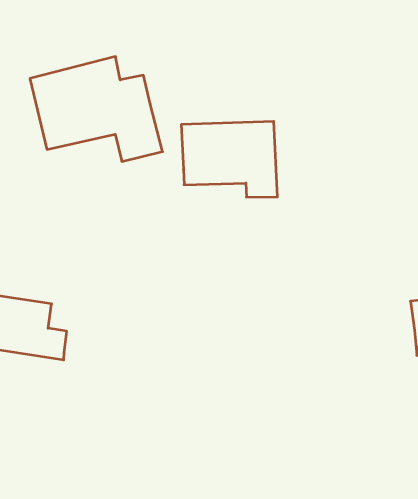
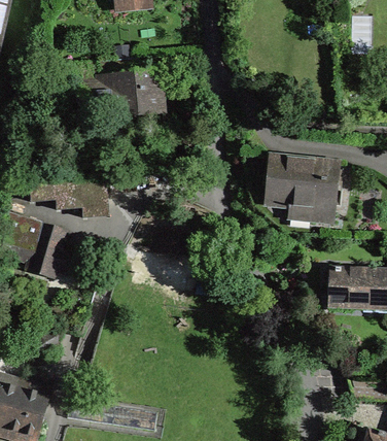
building: [181,121,277,197] -> [266,158,338,220]

